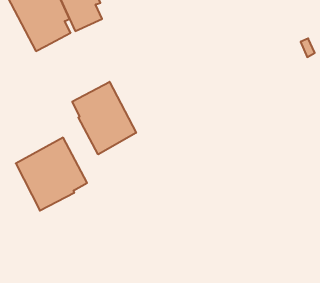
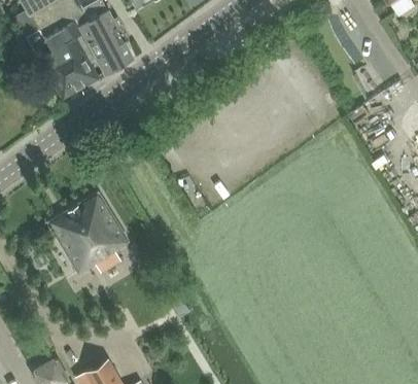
building: [72,82,136,154] -> none

